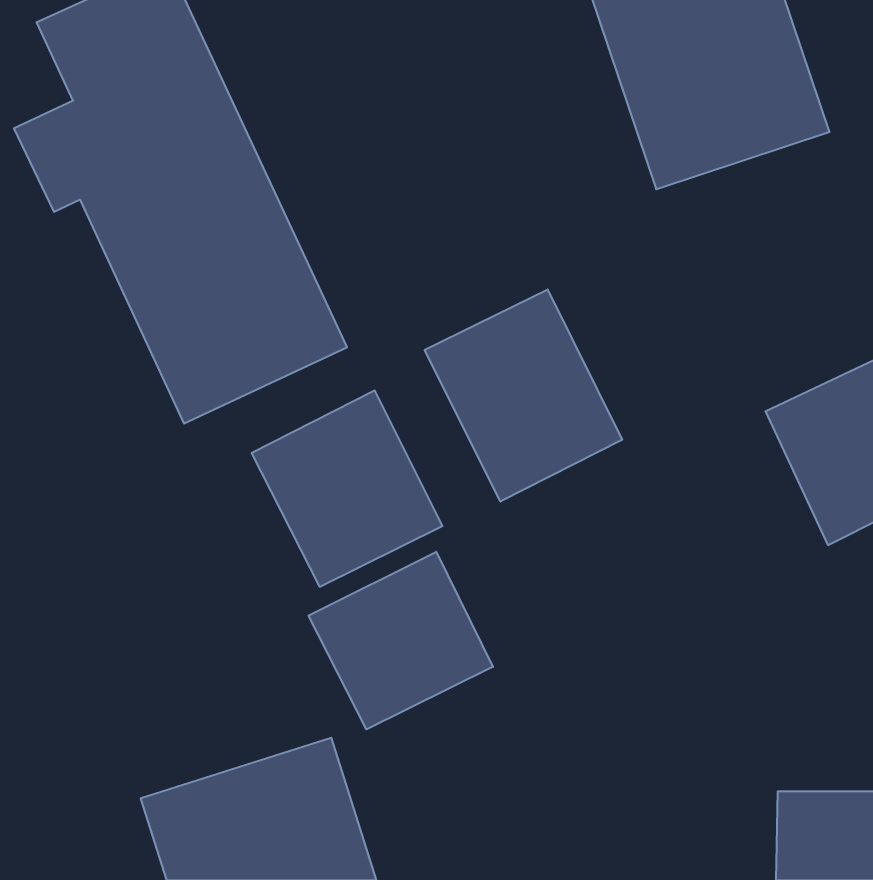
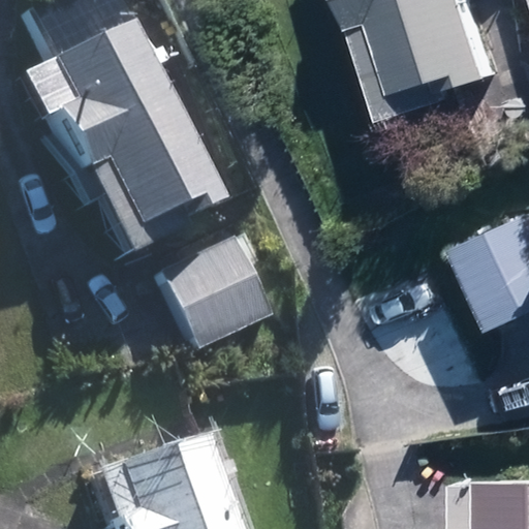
building: [425,289,622,502] -> none
building: [309,552,493,729] -> none

